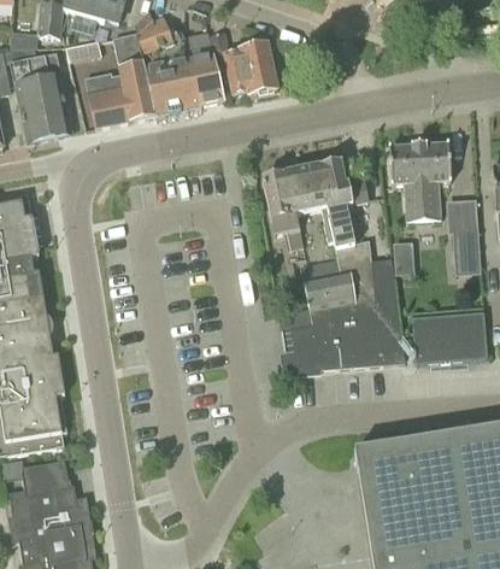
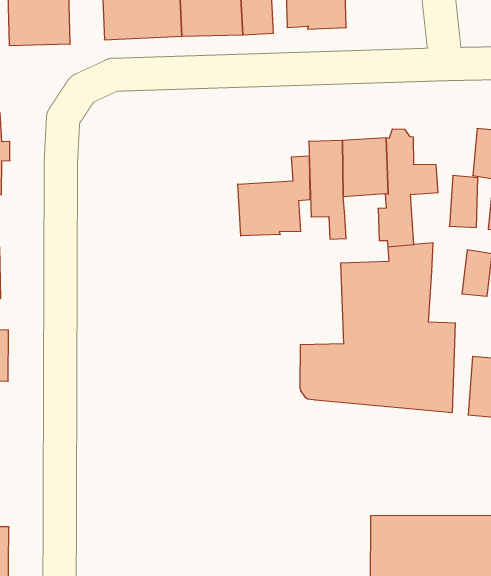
building: none -> [238,156,310,236]
building: [370,258,394,298] -> [449,176,478,227]

